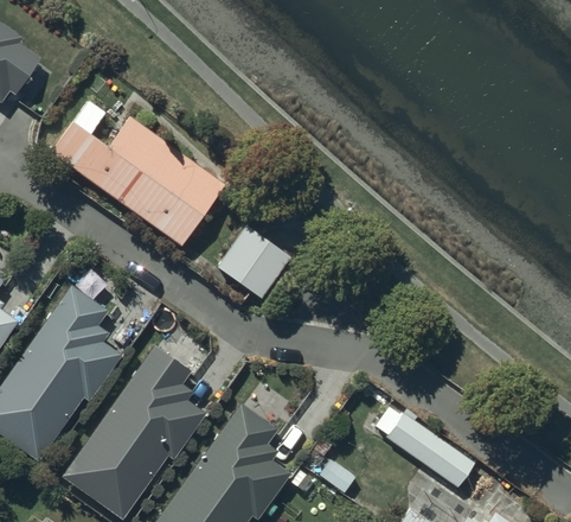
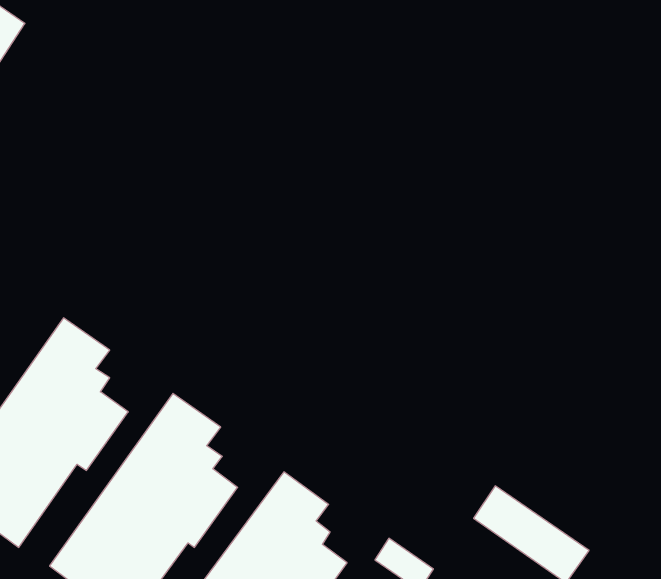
building: [47,101,225,247] -> none
building: [216,227,289,298] -> none

